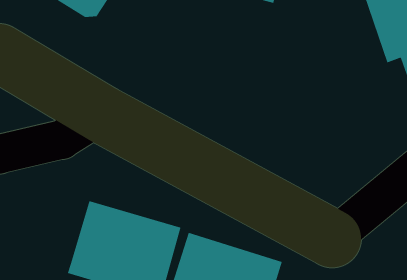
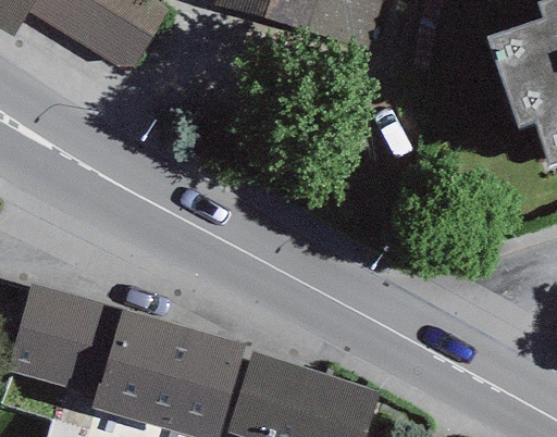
building: none -> [9,282,121,392]

